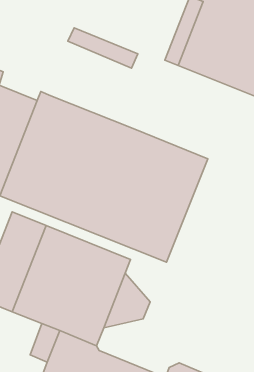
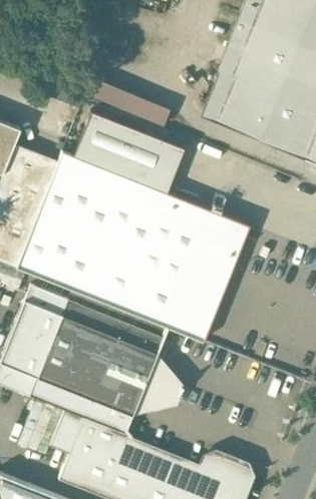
building: none -> [73,112,184,192]

